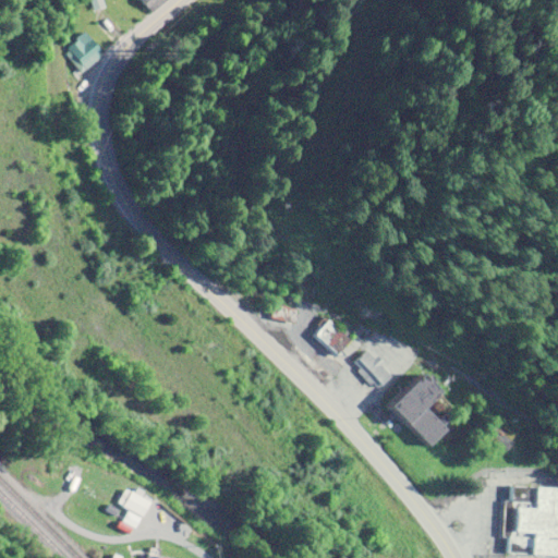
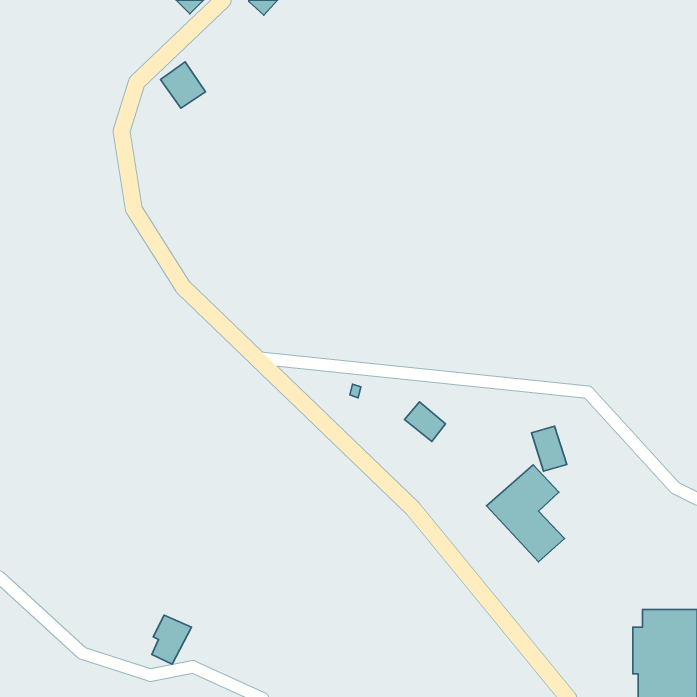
building: [69,32,105,69] -> [160,62,206,108]
building: [361,352,389,388] -> [531,426,567,471]

